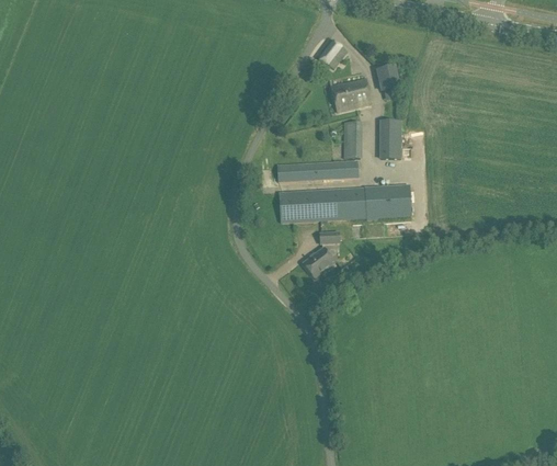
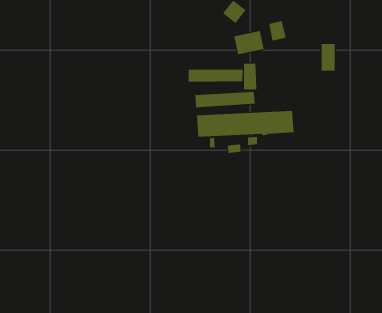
building: [380,122,400,159] -> [321,43,335,71]
building: none -> [188,69,243,82]
building: [304,248,334,277] -> none

